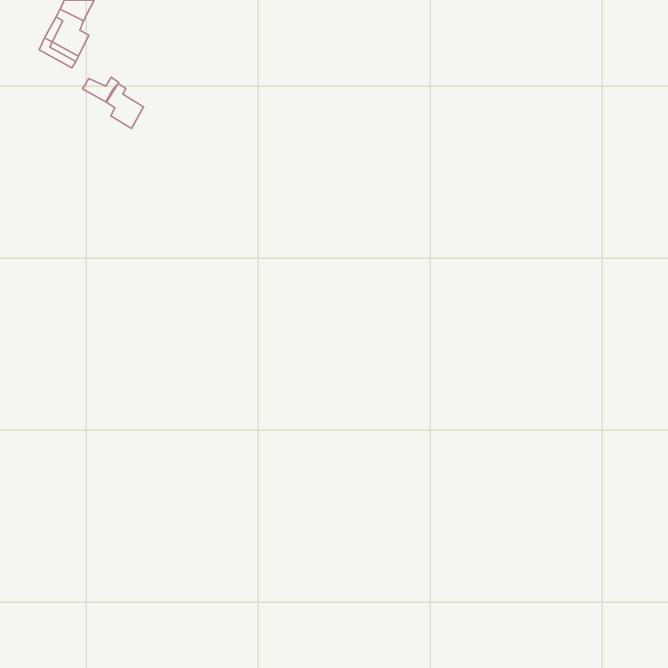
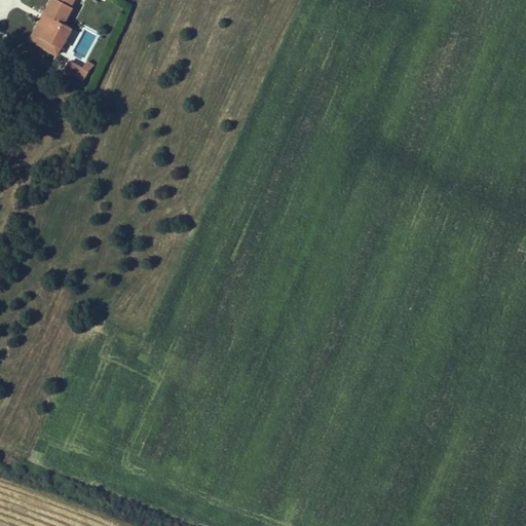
building: [106,83,144,129] -> none

